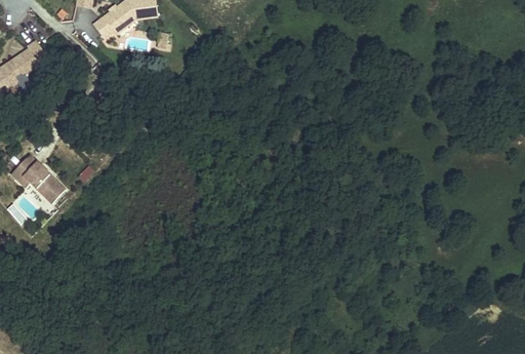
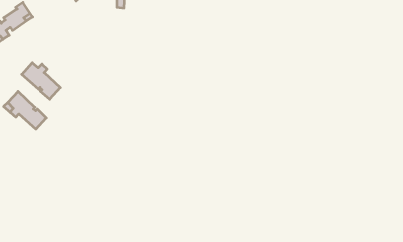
building: none -> [22,63,60,99]

